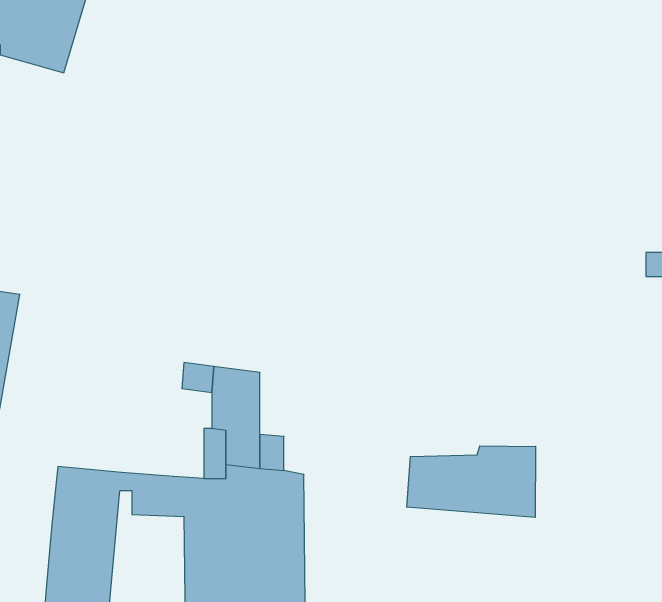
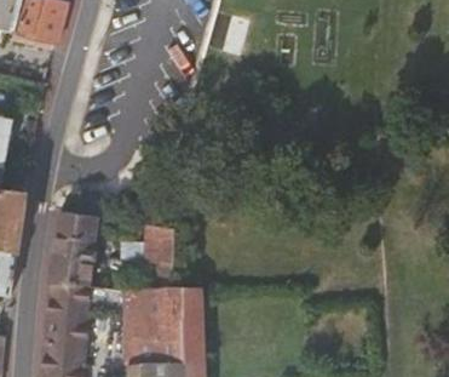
building: none -> [50,212,98,289]
building: [407,446,536,517] -> none

